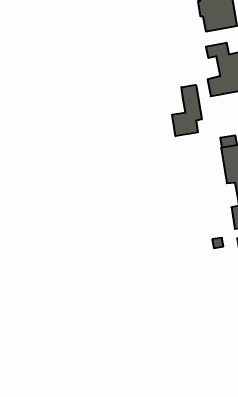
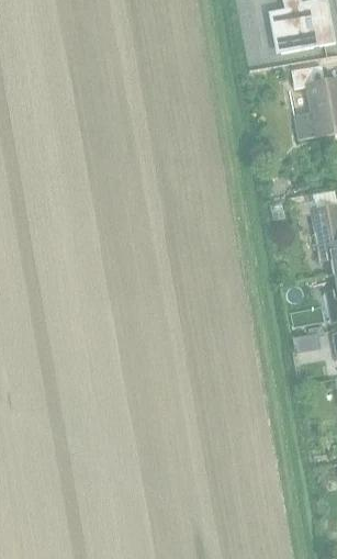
building: [172,85,202,136] -> none

